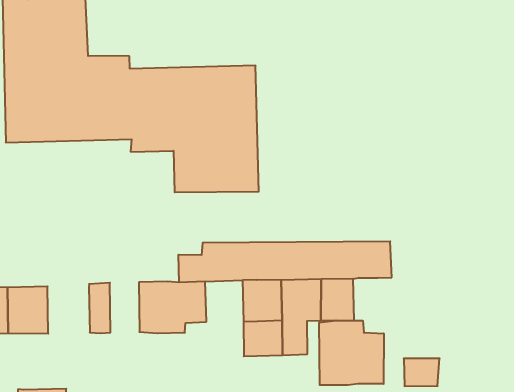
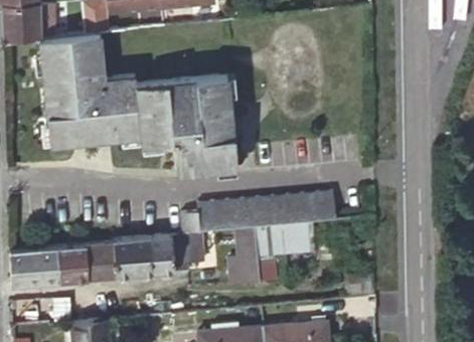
building: none -> [133,236,157,275]
building: none -> [88,242,121,279]
building: [319,320,384,385] -> none

